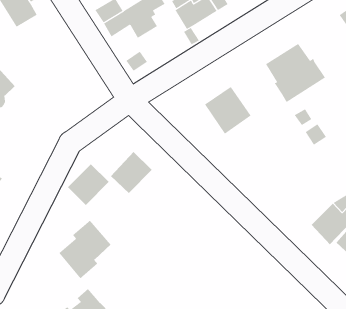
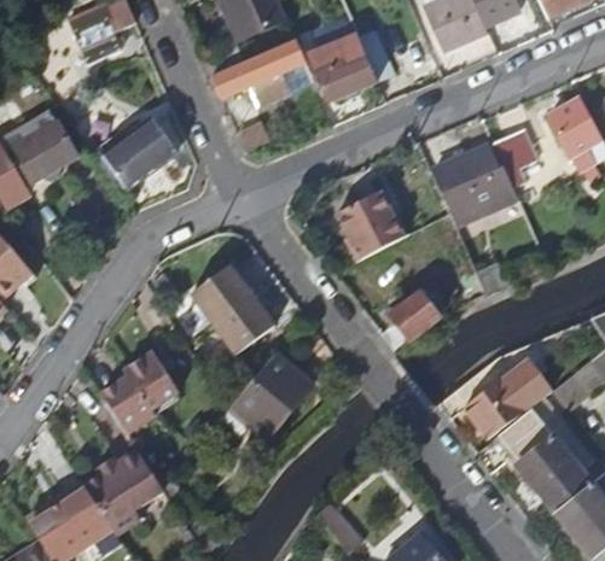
building: none -> [491,129,536,174]
building: none -> [99,119,178,187]
building: none -> [383,292,438,350]
building: [67,163,110,206] -> [214,294,275,353]
building: none -> [233,353,312,434]

